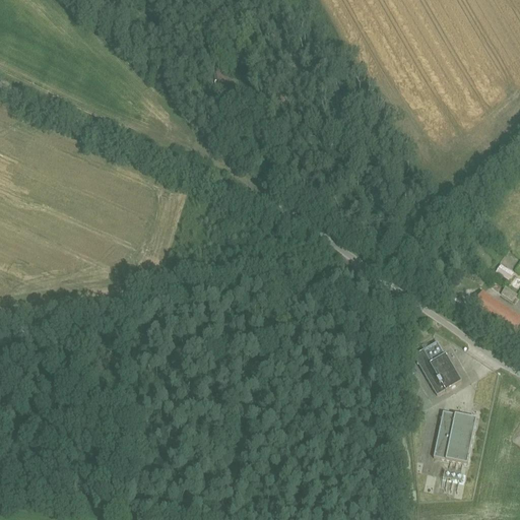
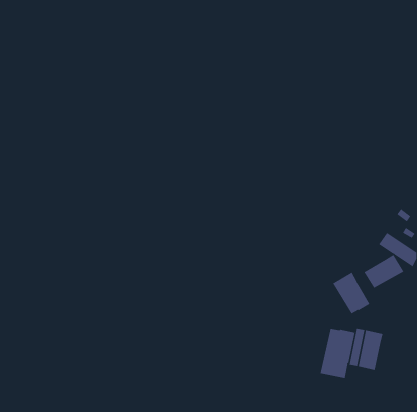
building: none -> [364,254,404,289]
building: none -> [320,328,355,379]

